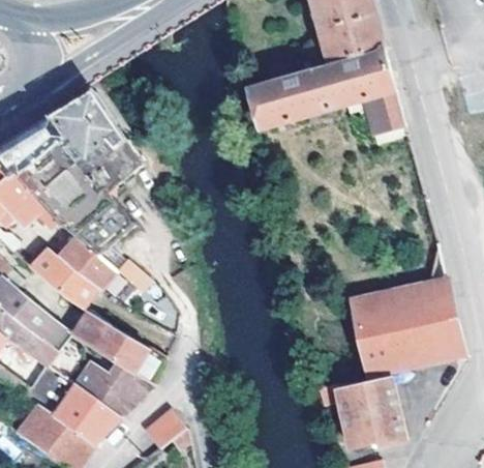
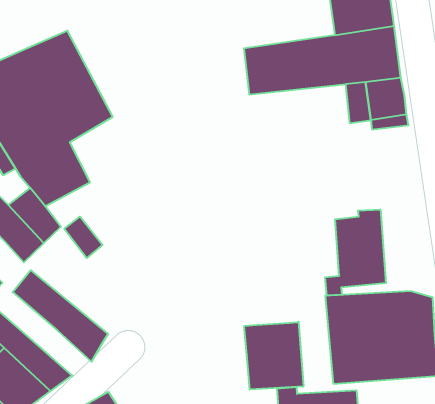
building: none -> [325,209,386,296]
building: none -> [244,322,303,390]
building: [104,360,151,399] -> none

